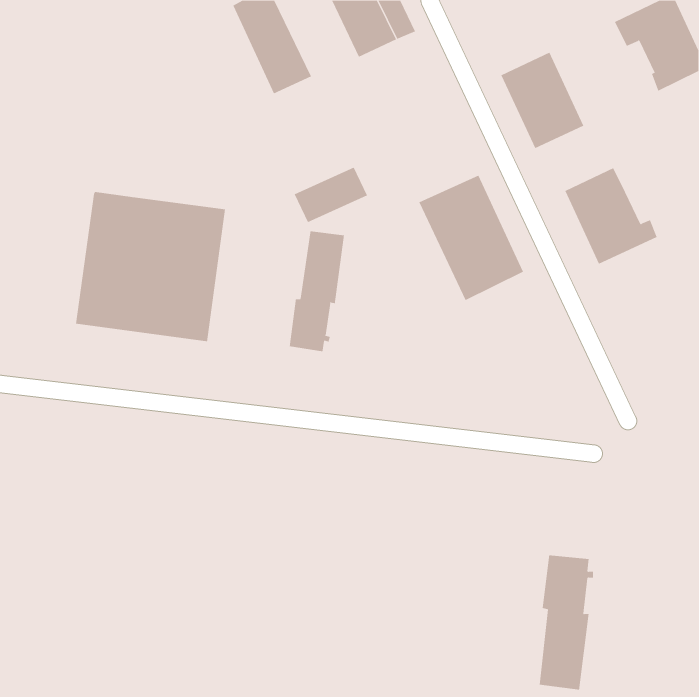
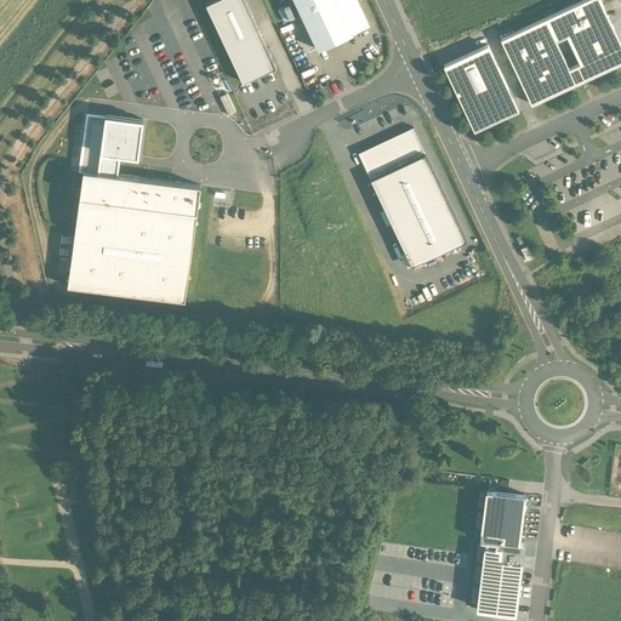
building: none -> [79,114,143,176]
building: [294,167,368,223] -> [359,131,425,181]
building: [564,168,657,265] -> [501,21,583,107]
building: [289,231,344,352] -> none

